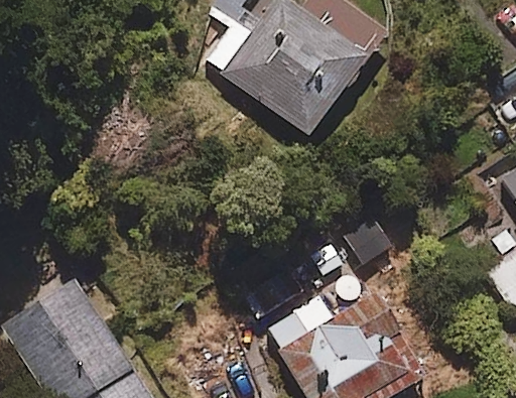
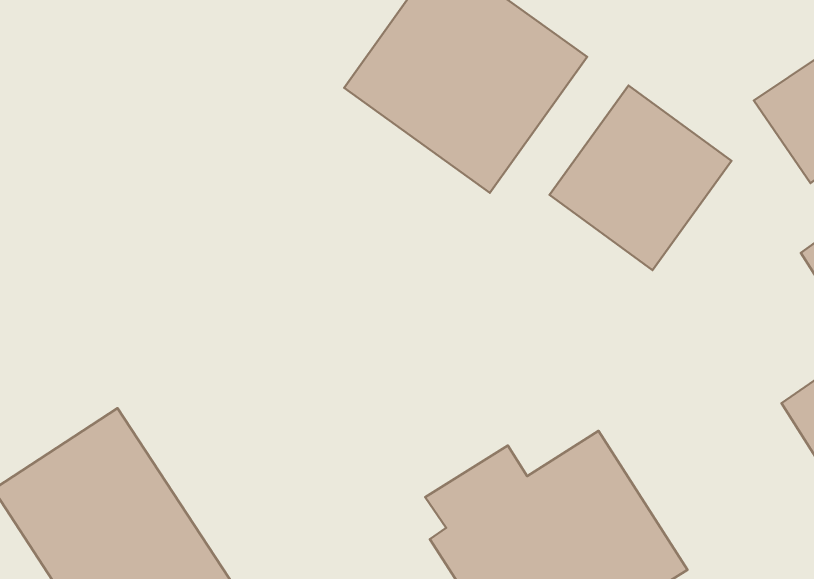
building: none -> [549,86,731,270]

